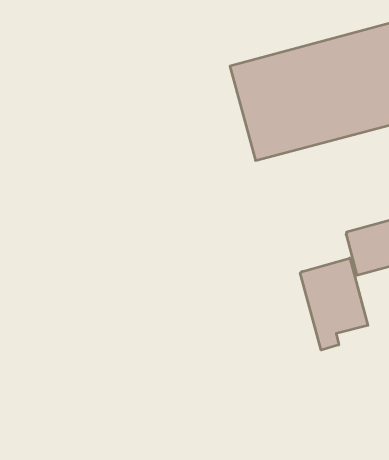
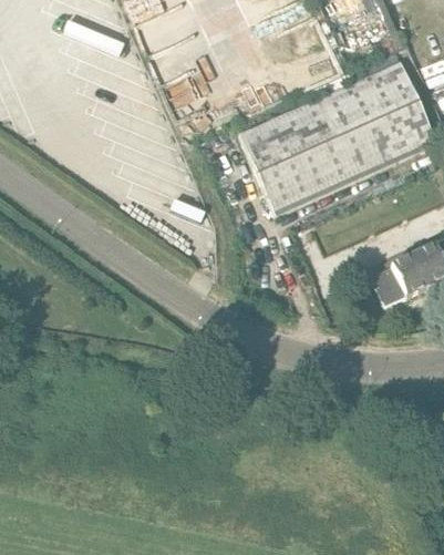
building: [300,258,368,350] -> none

